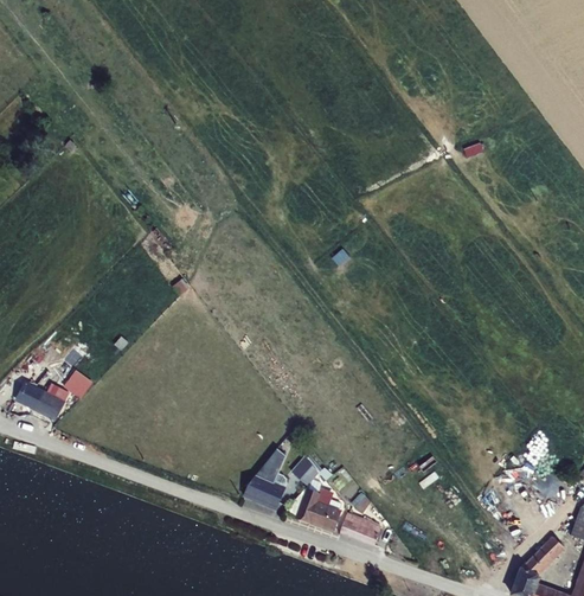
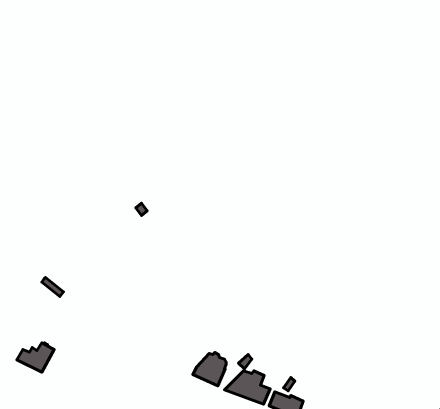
building: [24,383,70,419] -> [17,343,54,372]

